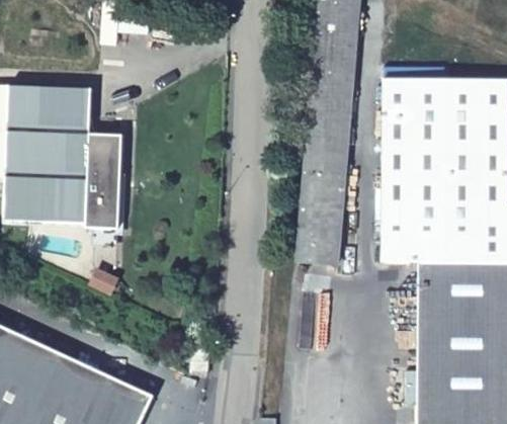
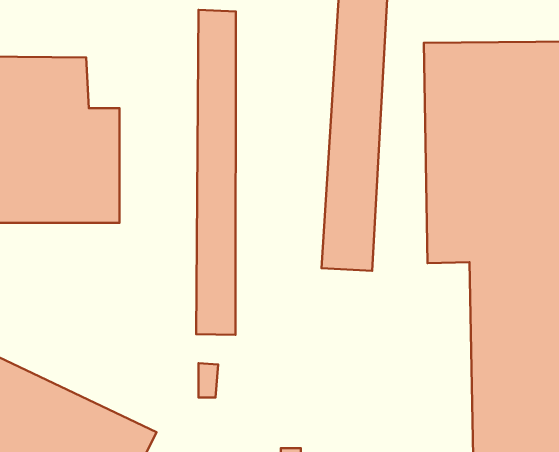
building: none -> [196,10,236,335]

